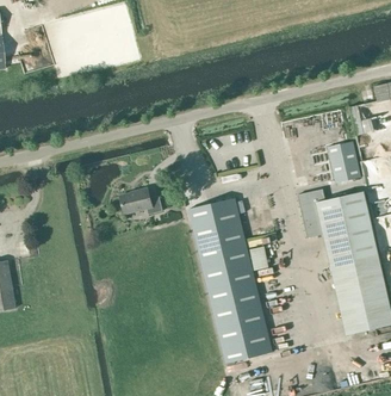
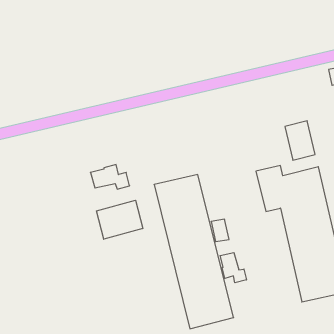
building: none -> [97,200,143,239]
building: none -> [220,253,246,283]

